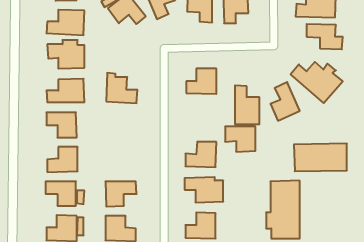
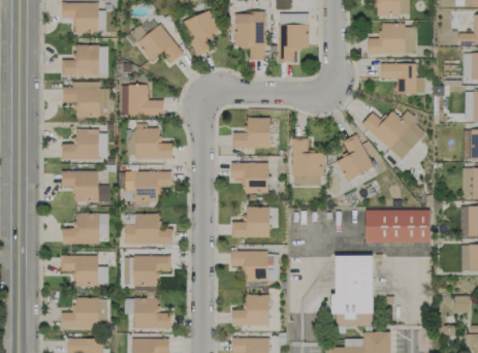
building: none -> [128,85,162,116]
building: none -> [124,171,171,202]
building: [225,127,255,152] -> [230,163,267,194]
building: none -> [124,214,172,245]

